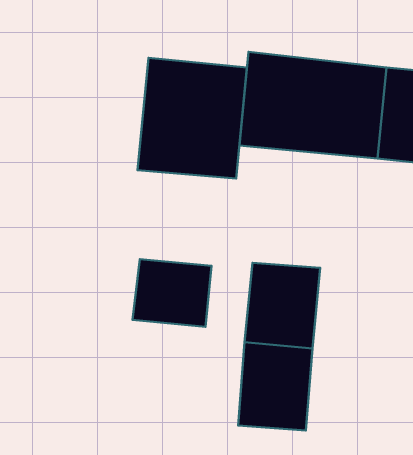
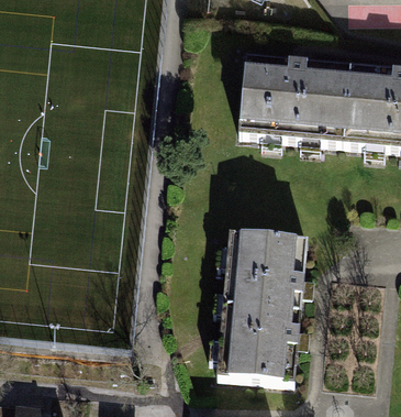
building: [138,58,247,179] -> none
building: [133,259,211,327] -> none

